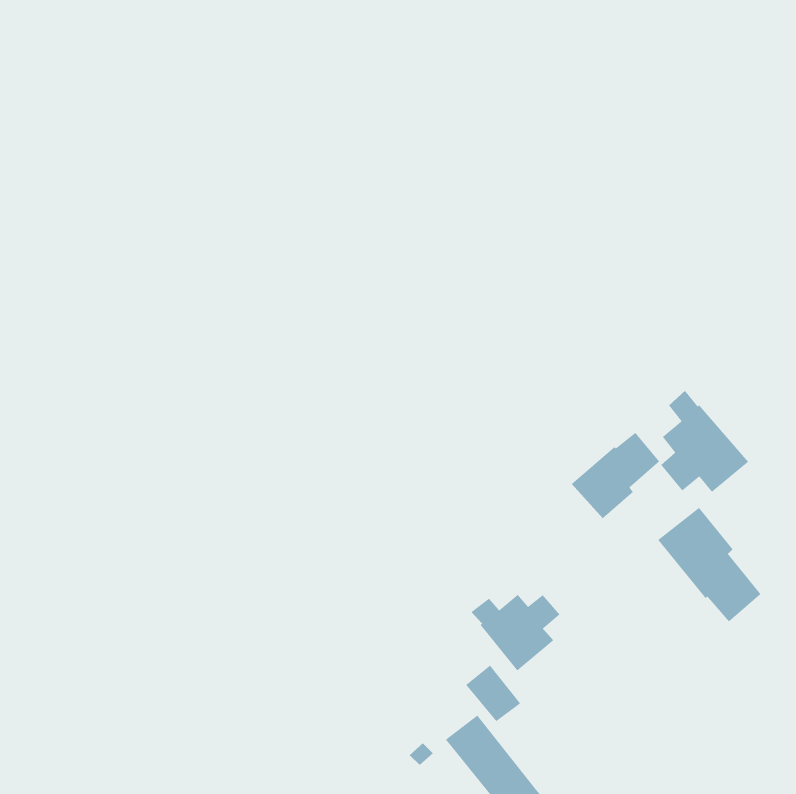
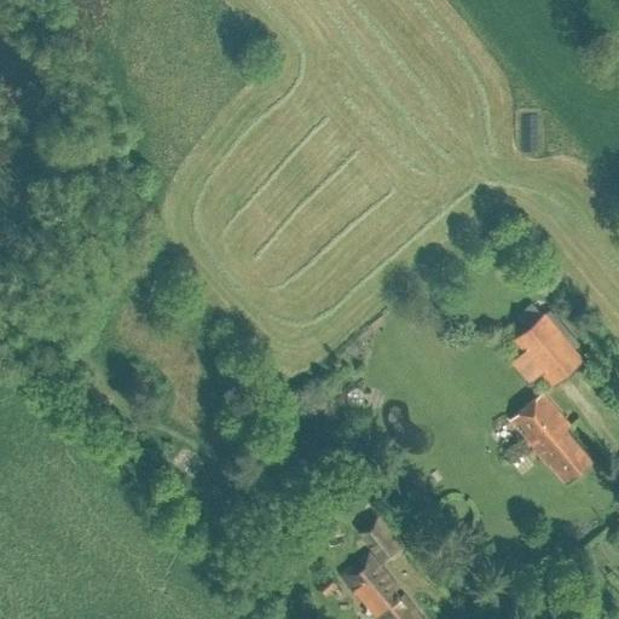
building: [571,432,660,519] -> none
building: [471,594,560,671] -> none

